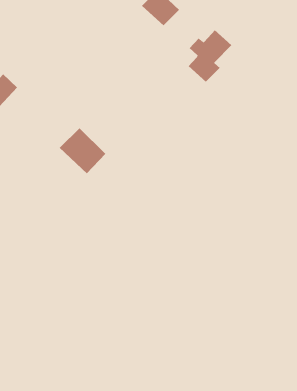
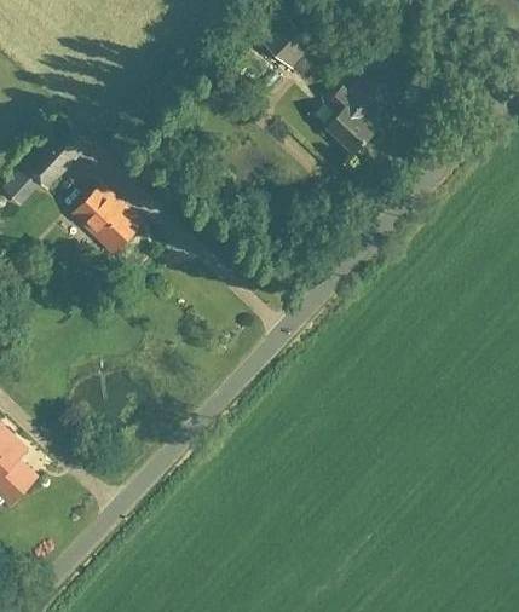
building: [59,128,106,174] -> [70,185,140,254]

